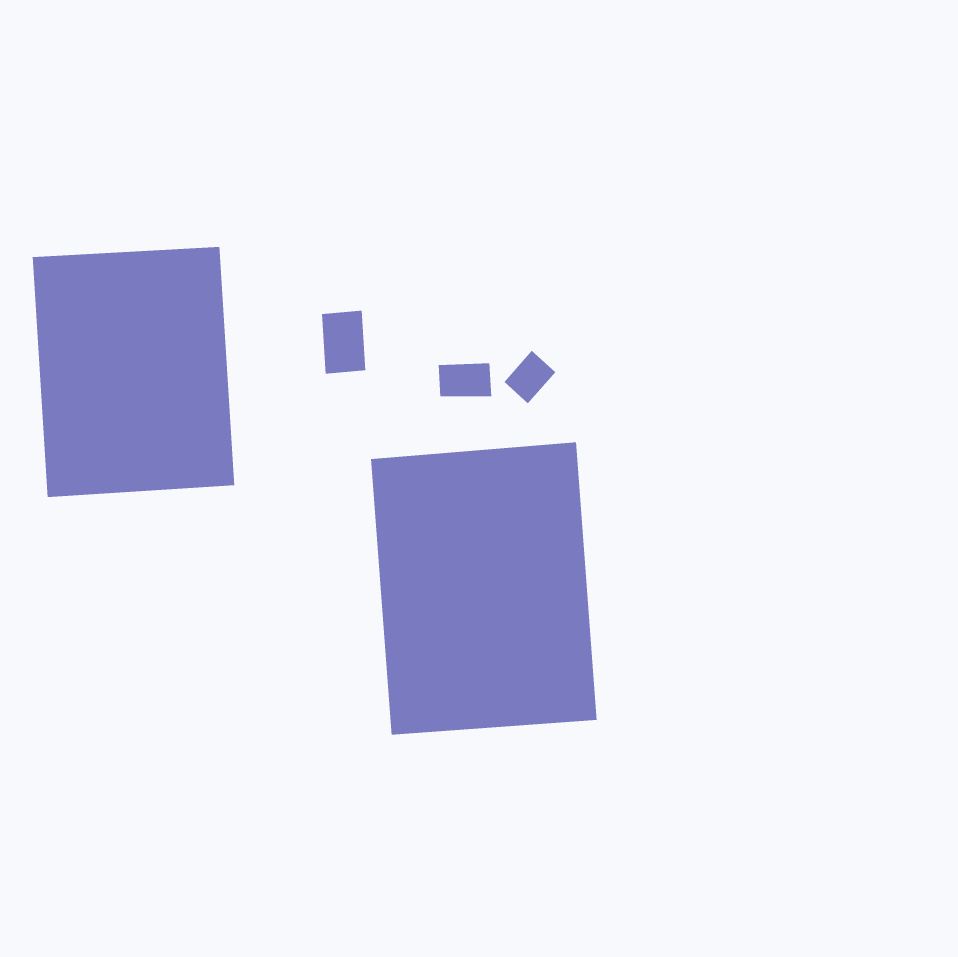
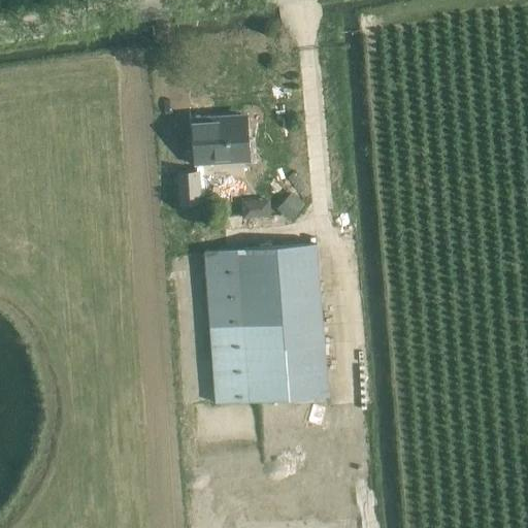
building: none -> [194,118,249,165]
building: [32,246,235,498] -> none

